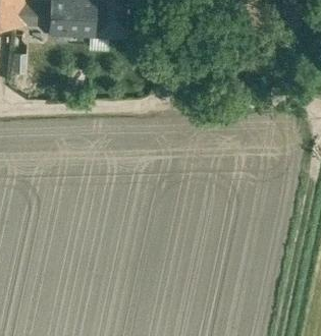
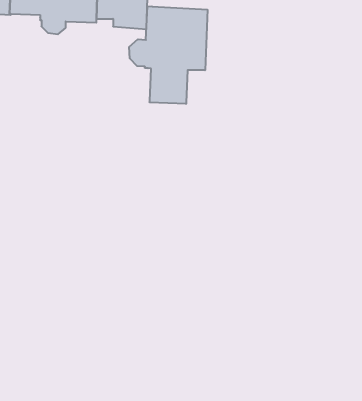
building: none -> [129,6,207,104]

